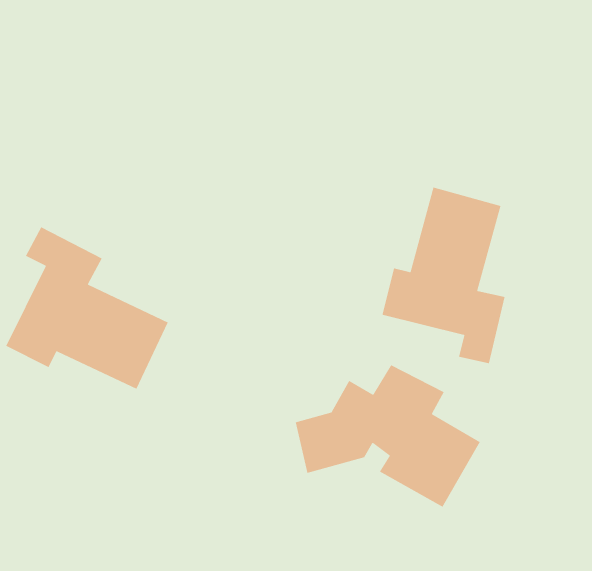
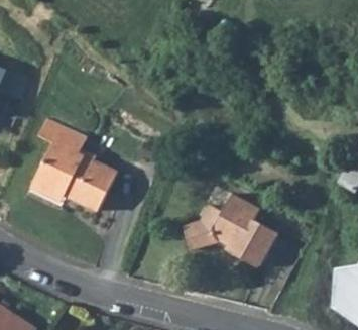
building: [381,186,506,364] -> none

